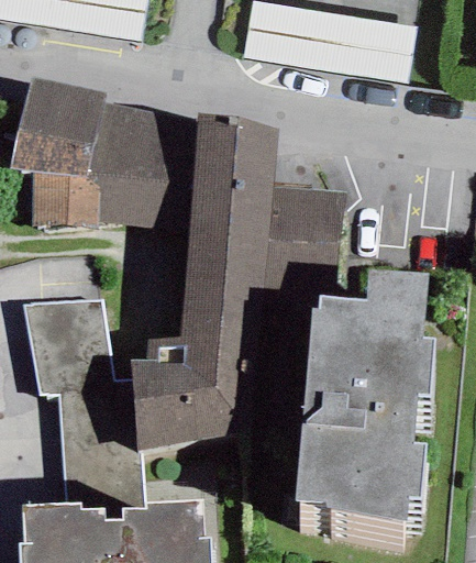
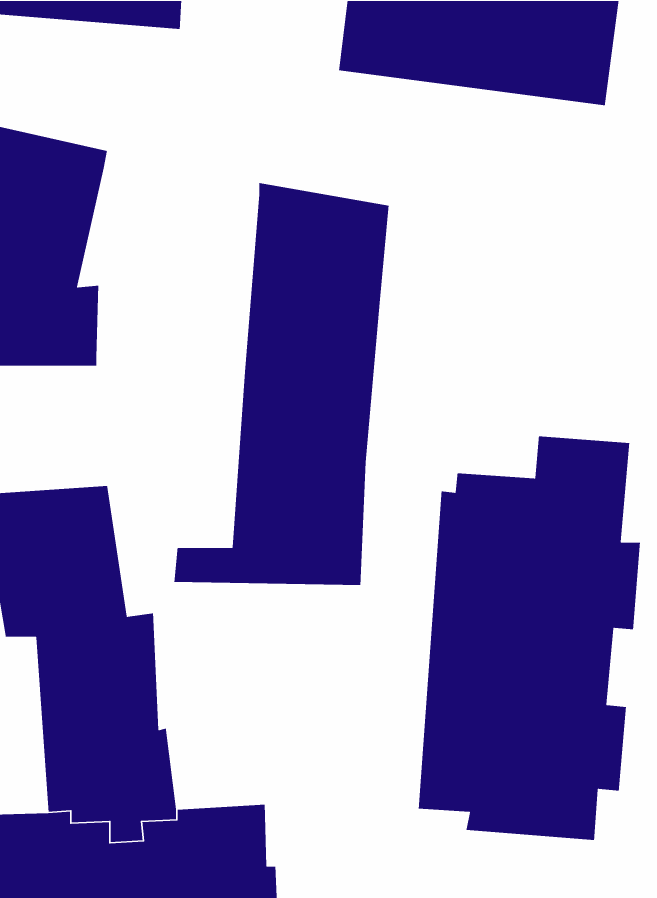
building: [84,106,196,232] -> none
building: [263,189,344,295] -> none
building: [130,362,259,454] -> none

